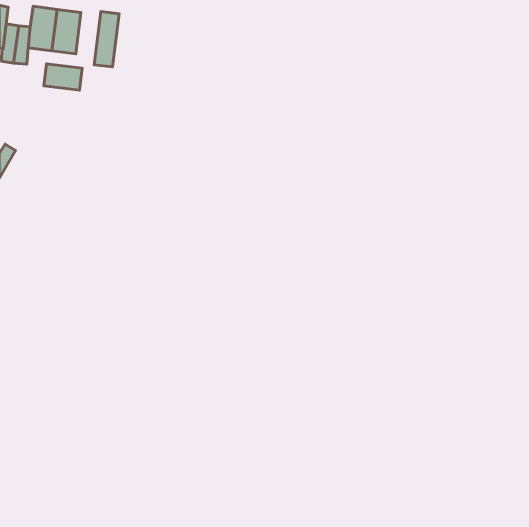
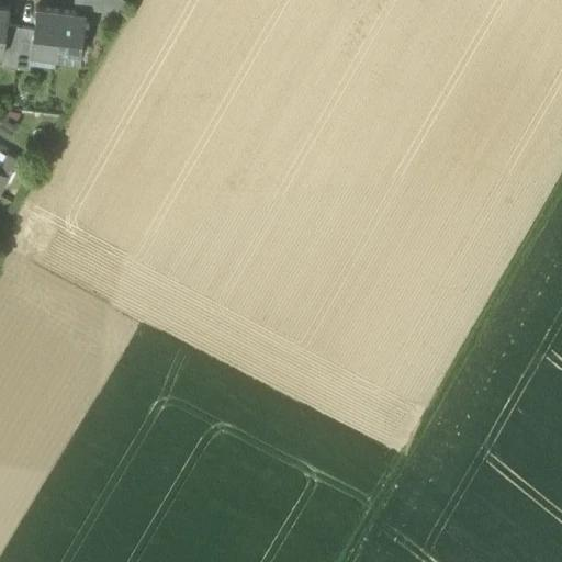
building: [94,12,119,67] -> none
building: [44,64,82,90] -> none

